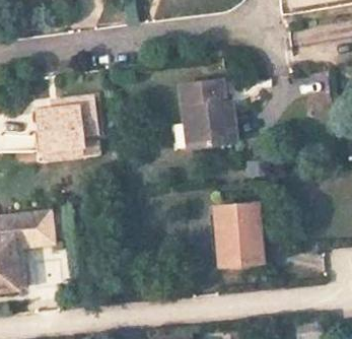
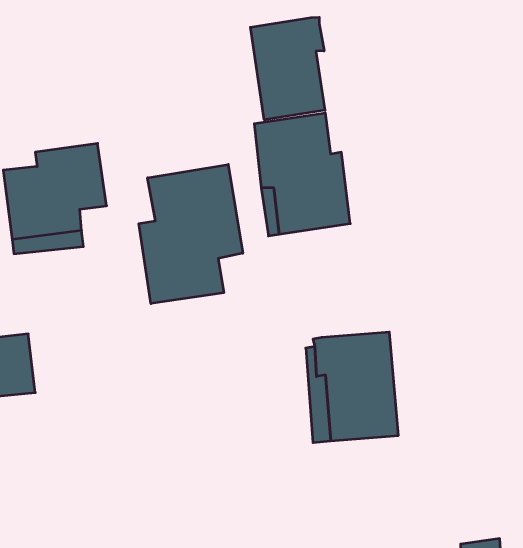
building: none -> [250,17,325,120]
building: none -> [139,164,243,304]

